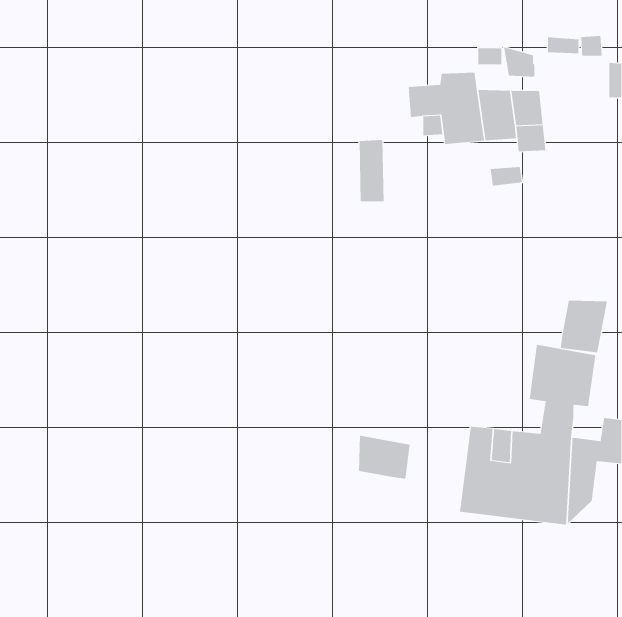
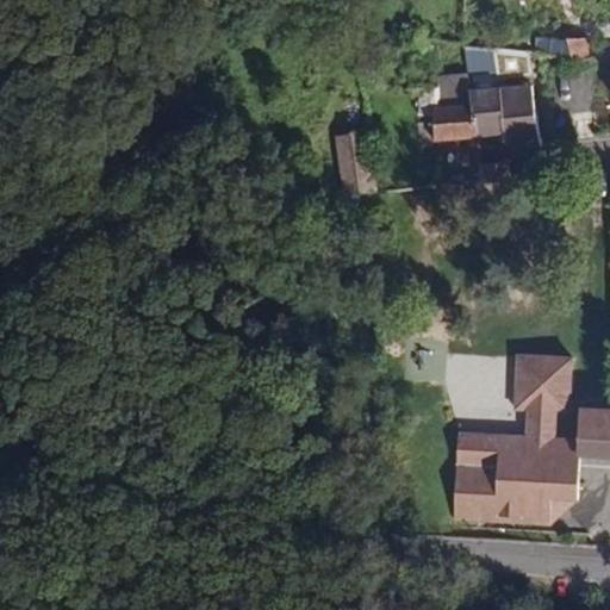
building: [560,300,608,353] -> none
building: [359,435,410,480] -> none

